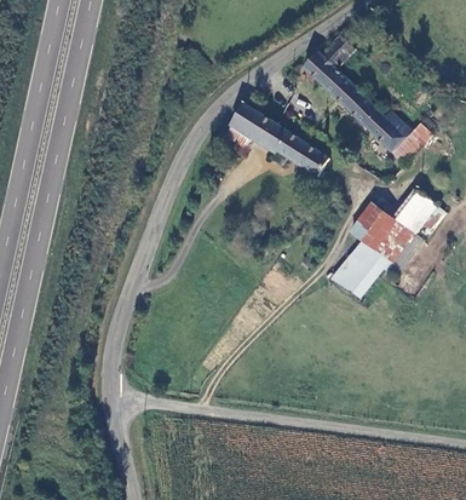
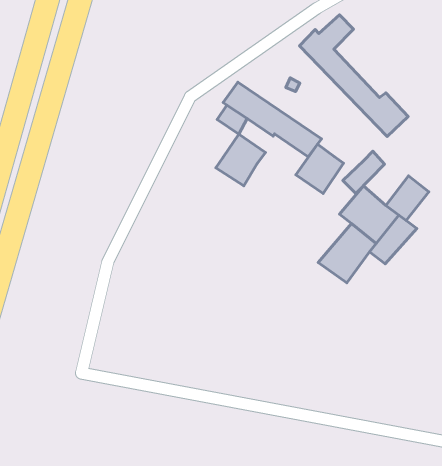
building: [392,120,432,162] -> [343,151,385,194]
building: none -> [216,134,266,186]
building: none -> [296,144,344,193]

